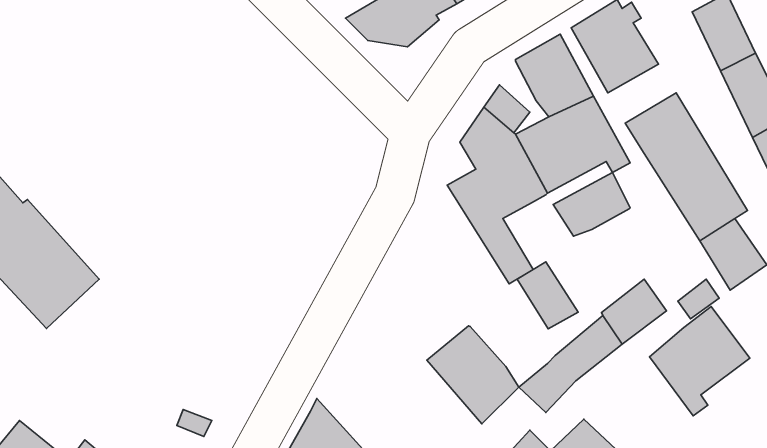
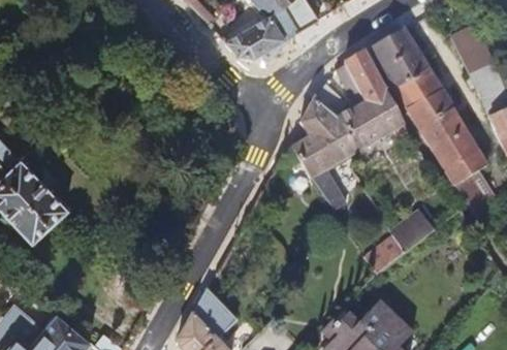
building: none -> [397,71,441,109]
building: [553,172,630,236] -> none
building: [517,262,578,329] -> none
building: [649,306,750,416] -> none
building: [427,326,519,424] -> none

